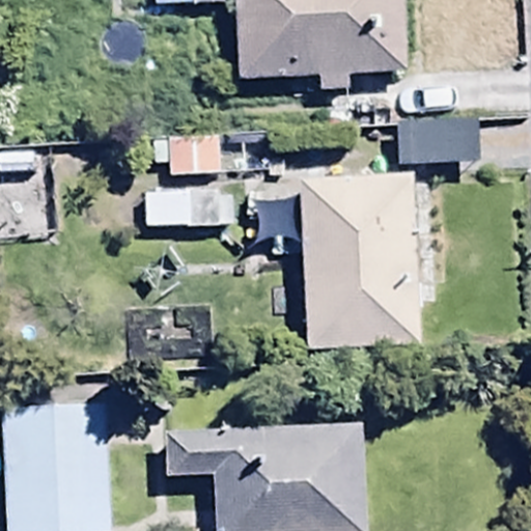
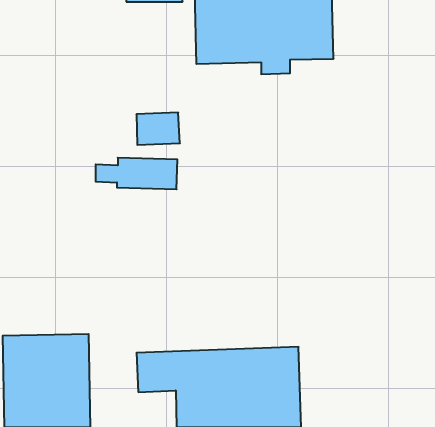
building: [300,174,423,347] -> none

